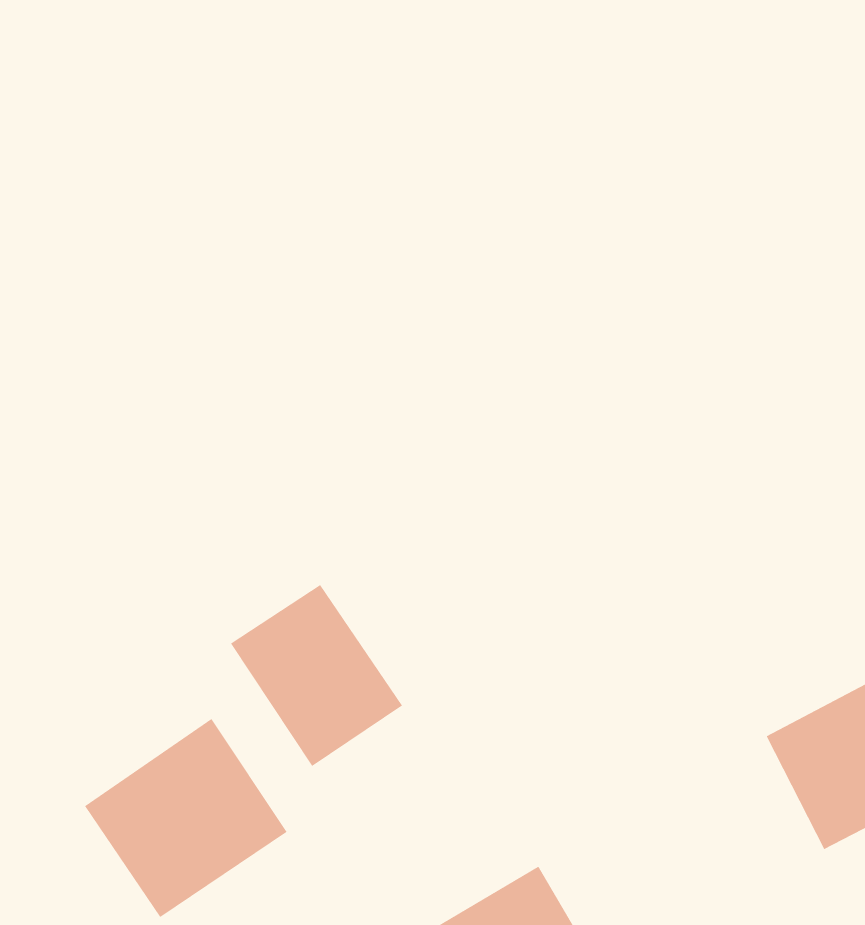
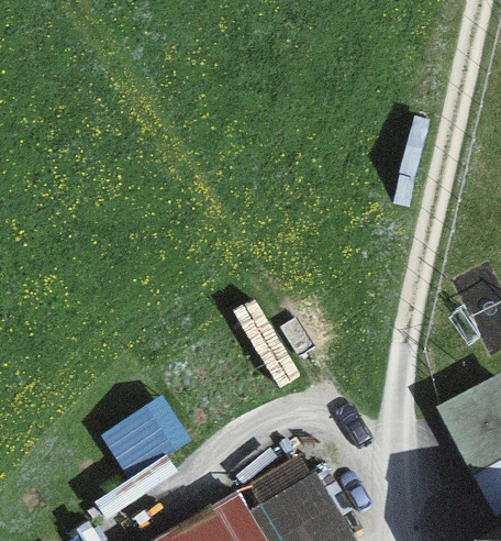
building: [230,584,403,767] -> none

